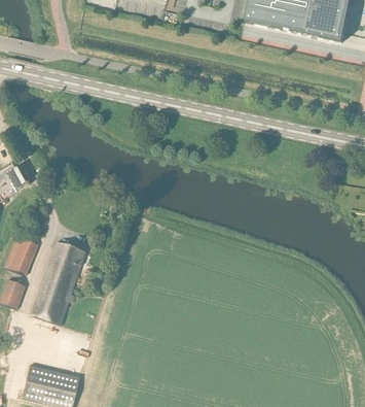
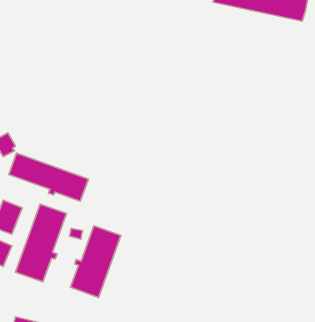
building: none -> [9,153,88,201]
building: none -> [71,226,121,298]

